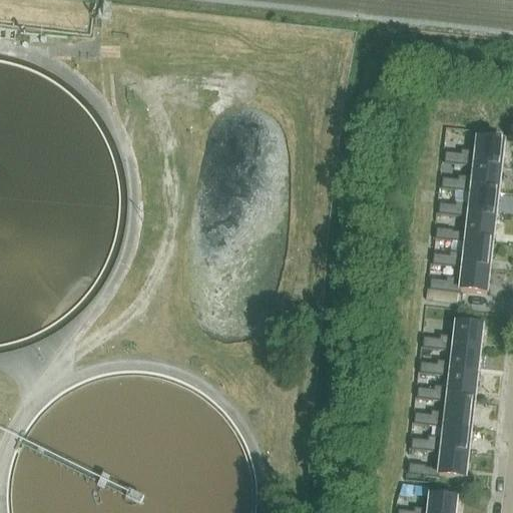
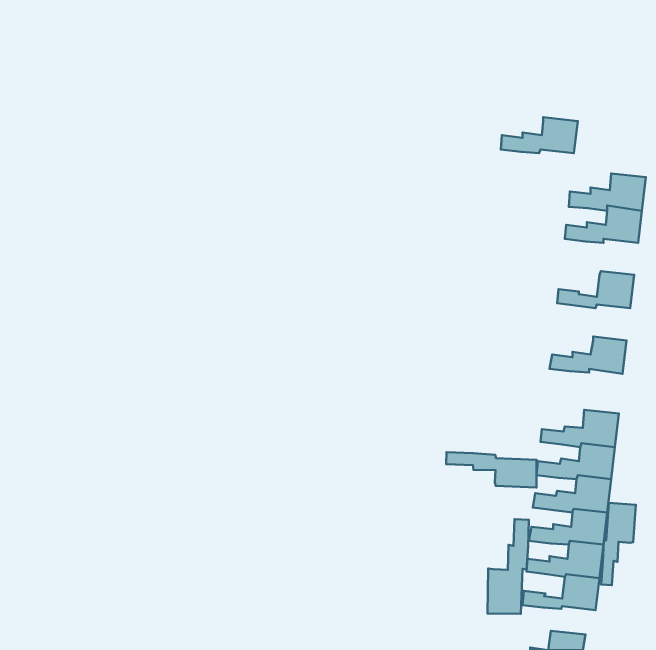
building: [438,186,498,214] -> [501,117,578,153]
building: [432,237,492,266] -> none
building: none -> [446,452,537,488]
building: none -> [601,503,636,585]
building: none -> [488,519,529,614]

